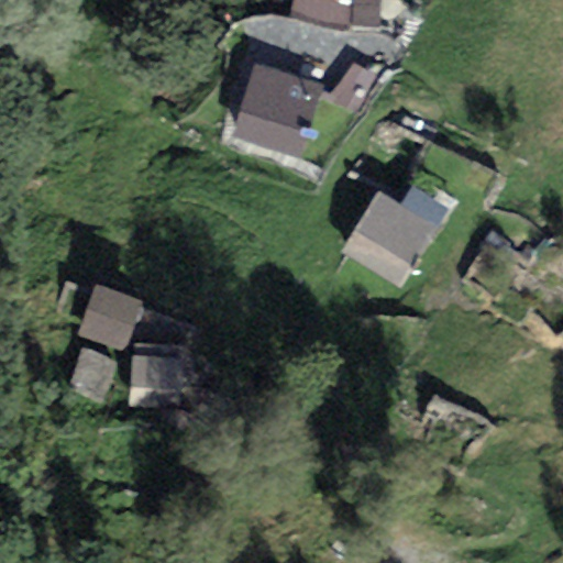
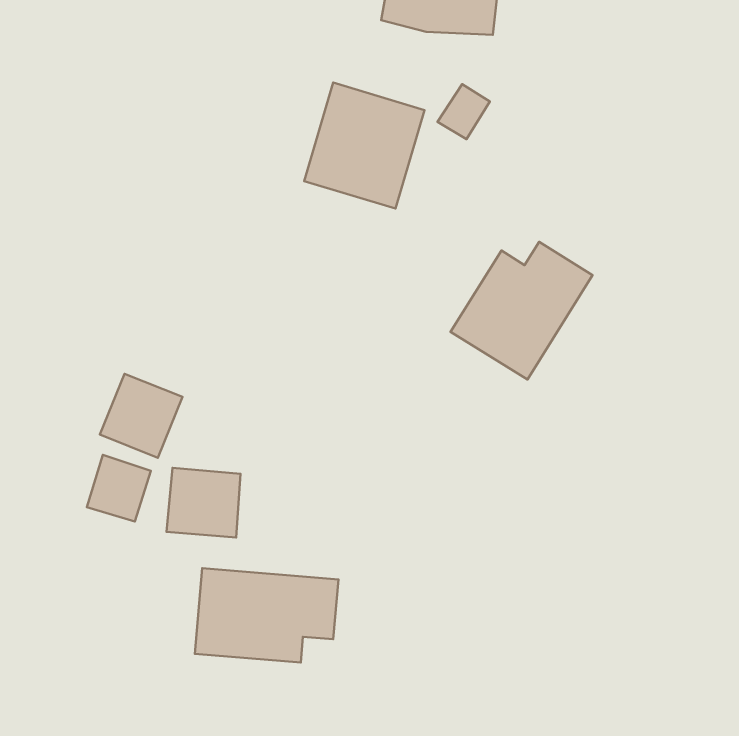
building: none -> [195,568,338,663]

